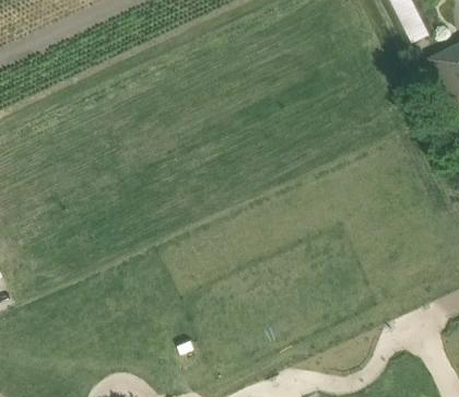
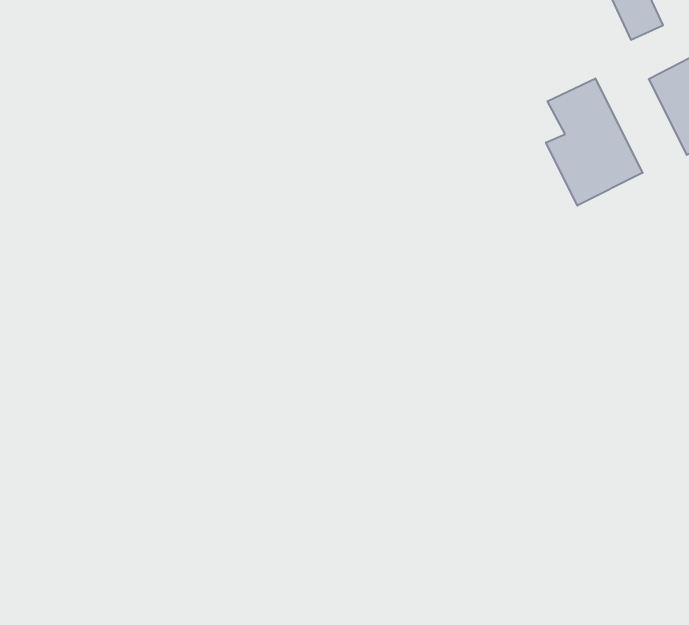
building: none -> [546,78,643,206]

